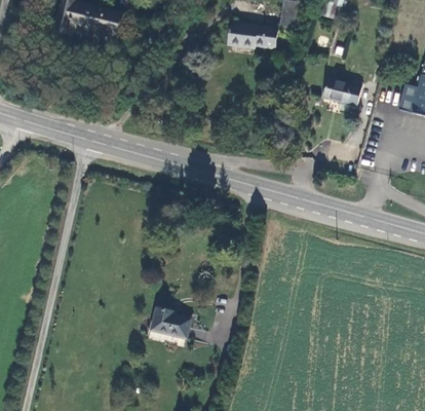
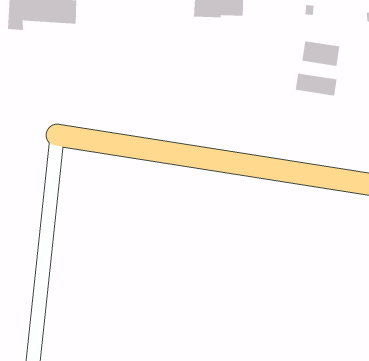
building: none -> [295,73,337,96]
building: [152,303,192,333] -> none

